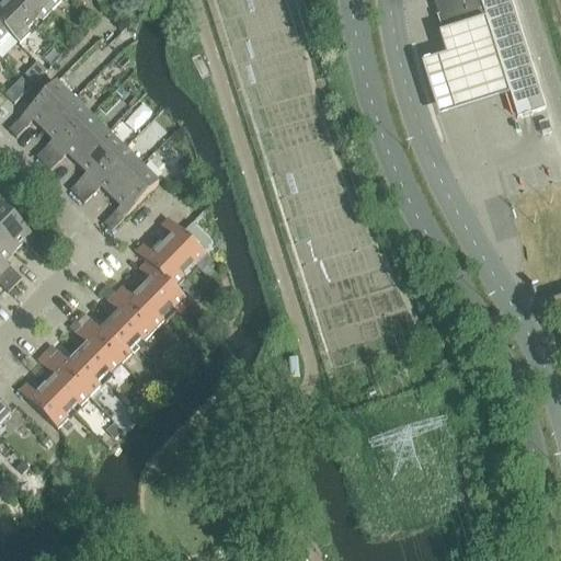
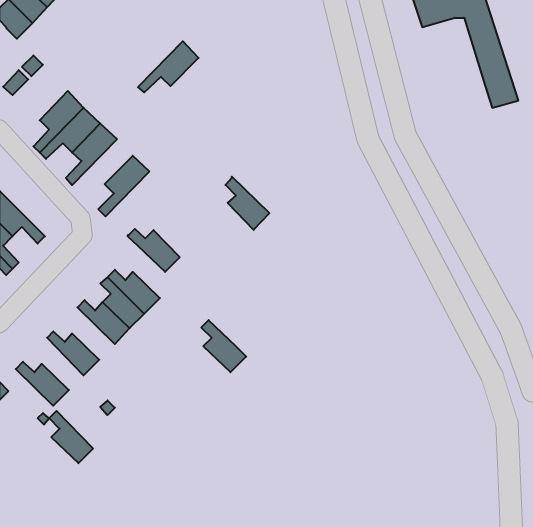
building: [422,19,508,111] -> none
building: [8,79,71,134] -> none
building: [76,146,139,199] -> [138,41,199,92]
building: [159,214,205,270] -> [225,177,269,230]
building: [137,257,184,312] -> [201,320,246,372]
building: [73,322,121,377] -> none
building: [42,354,88,409] -> [49,411,93,463]

